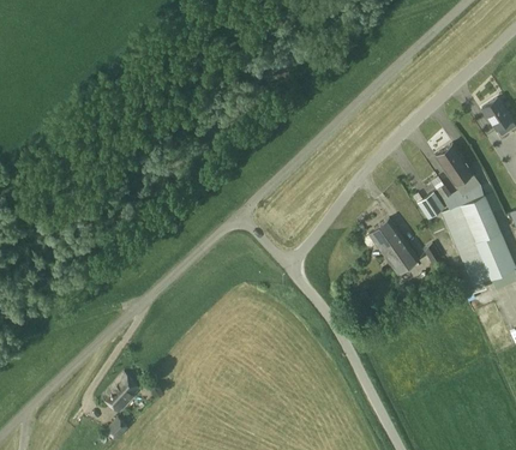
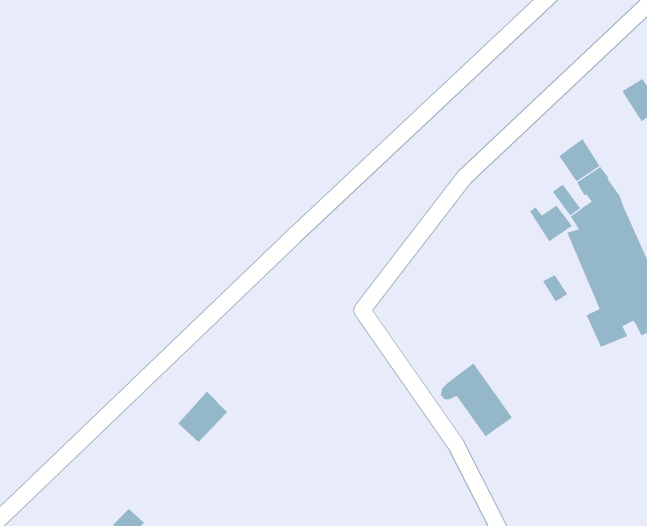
building: [366,218,420,274] -> [440,362,513,437]
building: [104,373,142,412] -> [178,391,228,443]

